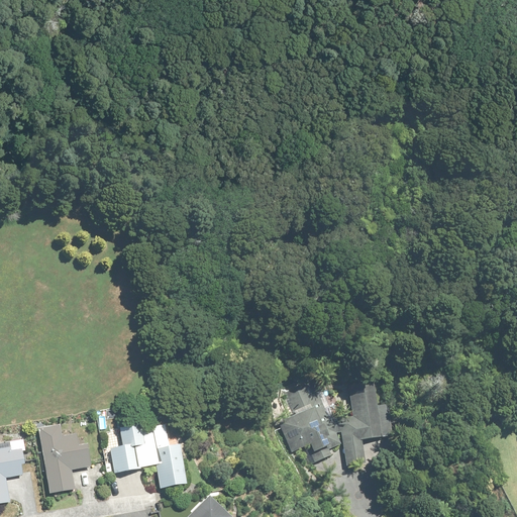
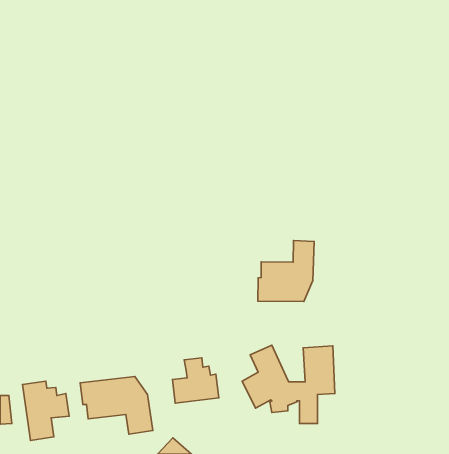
building: none -> [258,241,314,301]
building: none -> [172,358,219,403]

